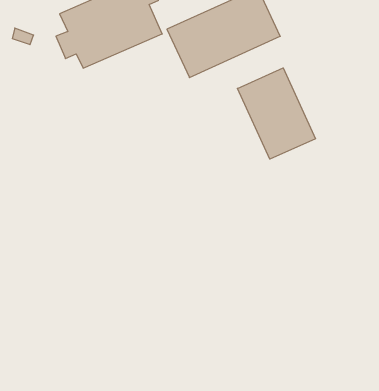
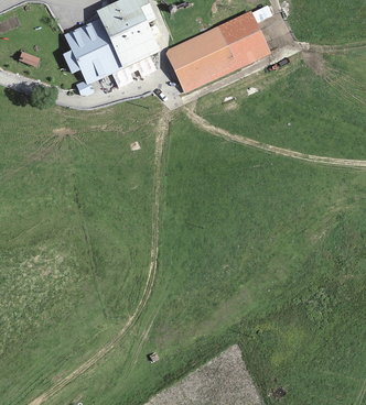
building: [237,68,316,159] -> none

